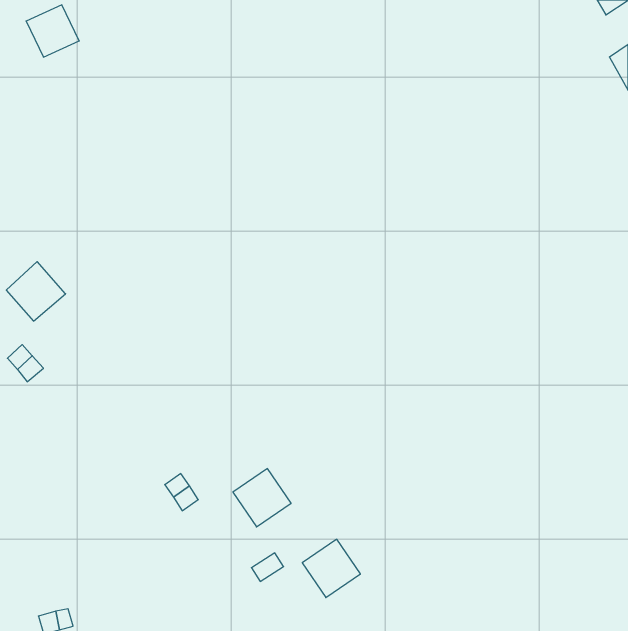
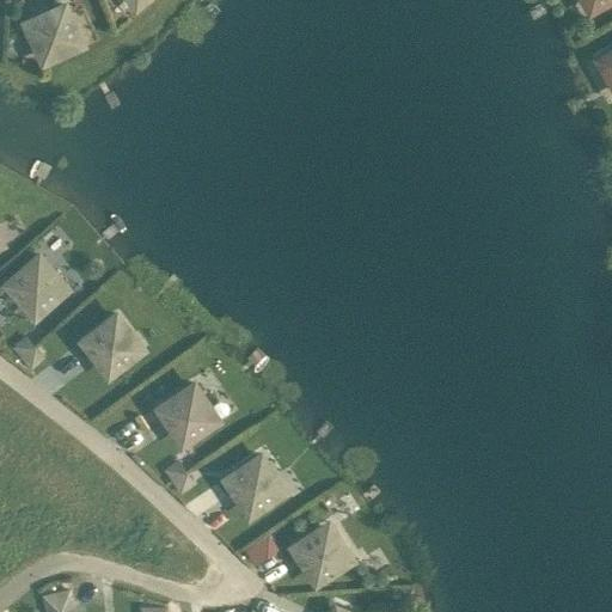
building: none -> [81,314,139,371]
building: none -> [158,384,214,440]

